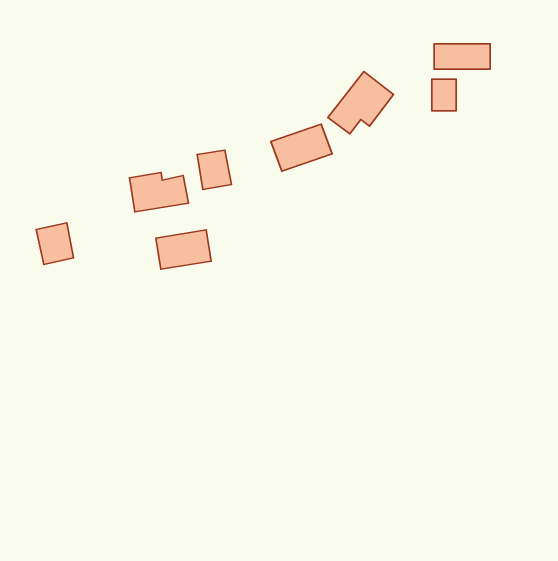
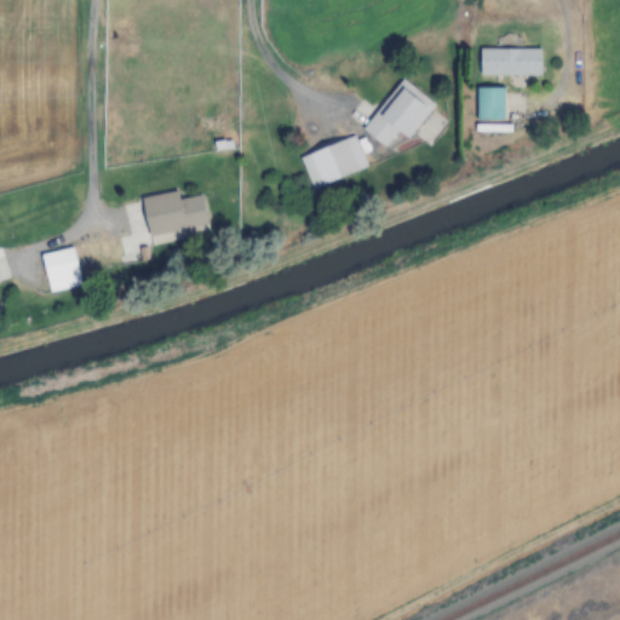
building: [197,150,231,189] -> none
building: [156,230,211,269] -> none

